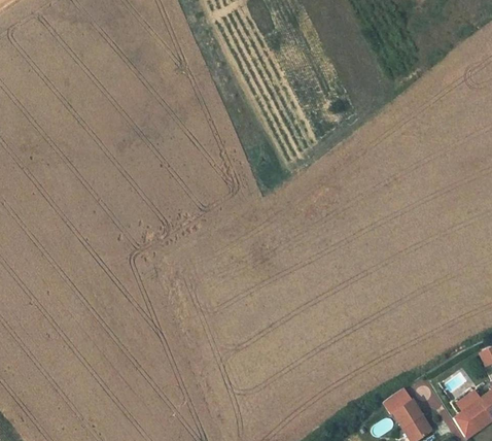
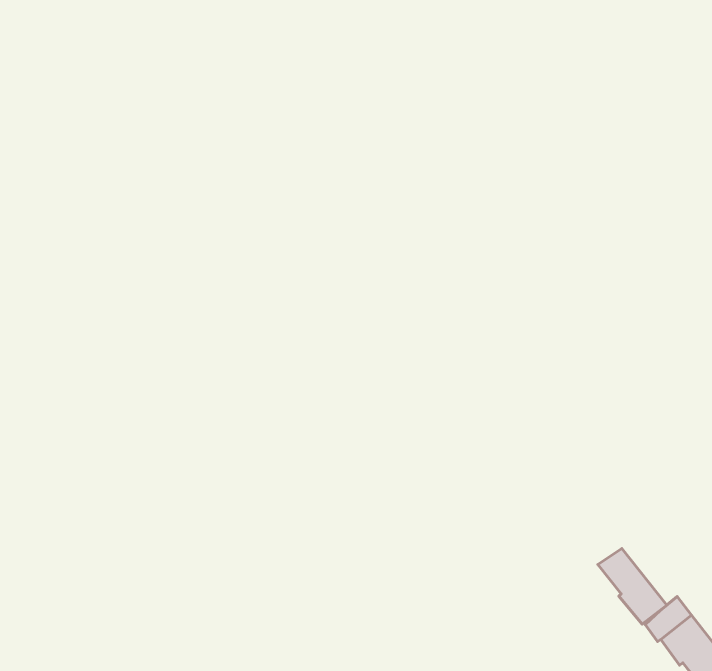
building: none -> [598,549,667,624]

